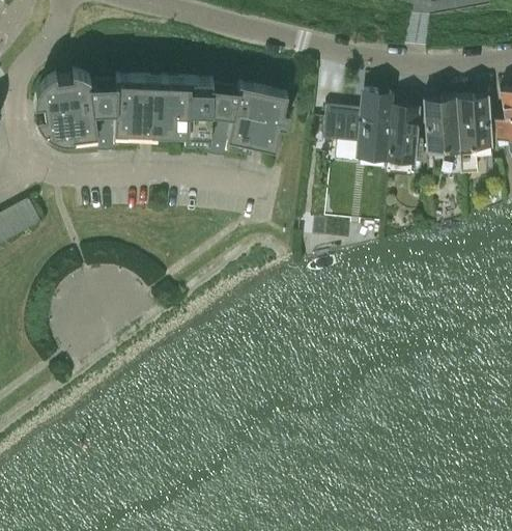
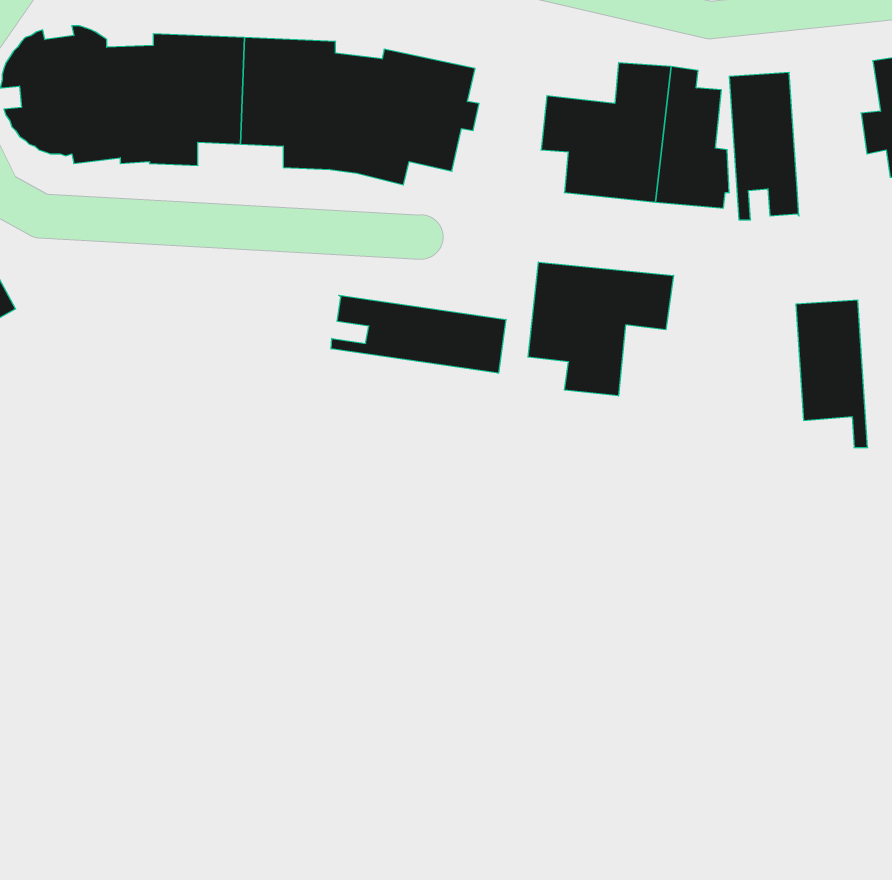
building: [456,91,494,170] -> [796,300,868,448]
building: none -> [528,262,674,396]
building: none -> [331,295,506,373]

